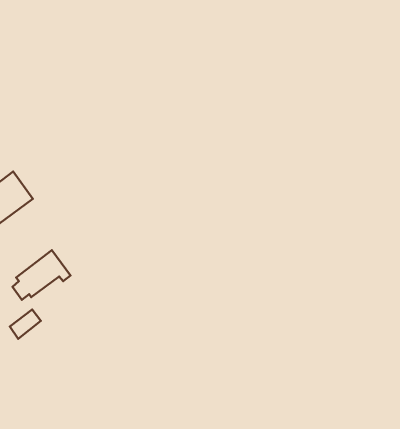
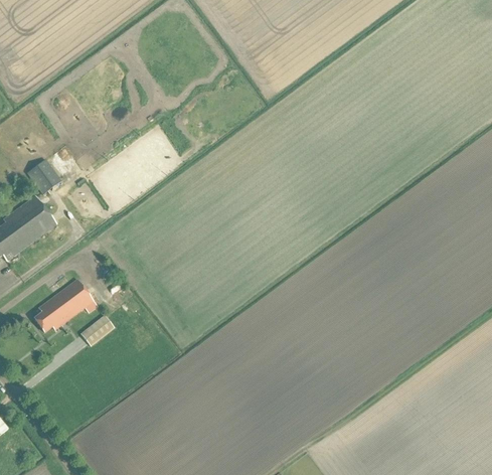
building: none -> [26,158,61,194]
building: [10,310,41,339] -> [80,315,114,346]

